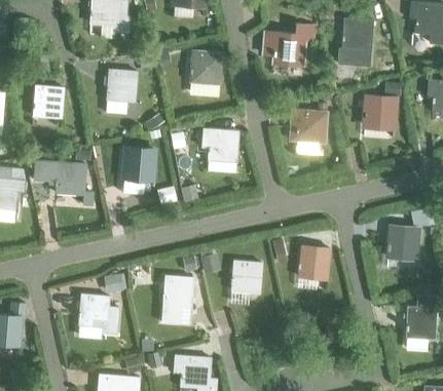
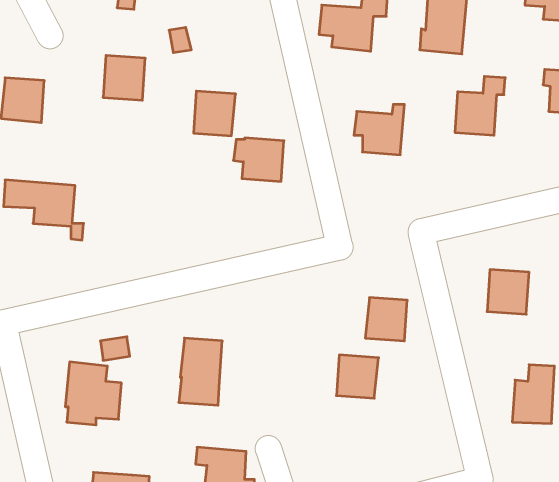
building: [190,50,221,83] -> [194,91,236,136]
building: [123,147,154,180] -> none
building: [231,261,262,292] -> [336,355,379,398]

